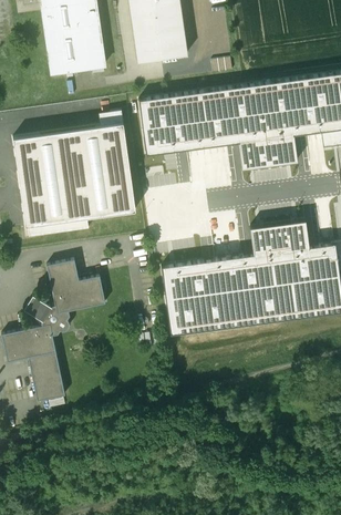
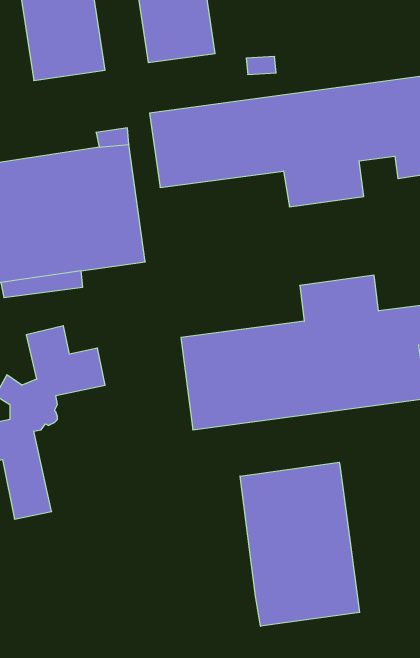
building: none -> [240,462,360,626]

